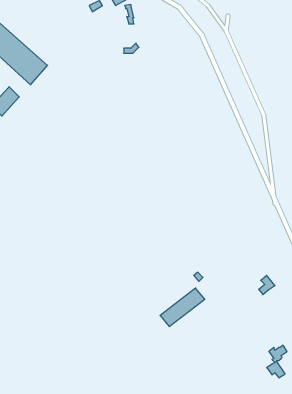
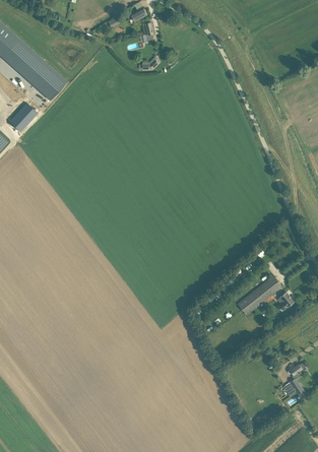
building: [160,288,205,327] -> [237,275,281,314]

